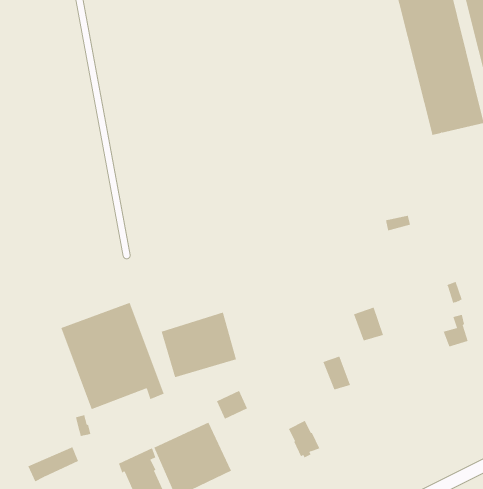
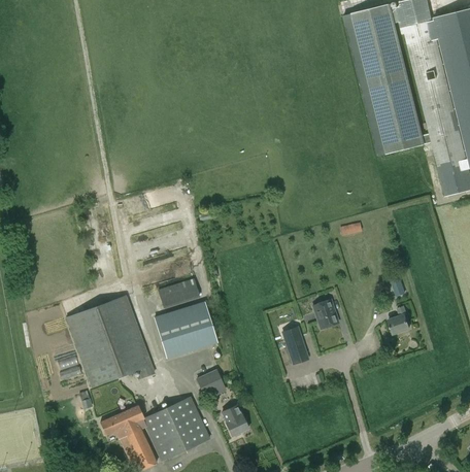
building: none -> [159,277,201,308]
building: [288,420,320,458] -> [223,404,249,436]
building: [27,447,79,482] -> [101,405,144,435]

